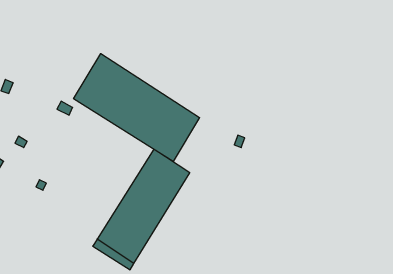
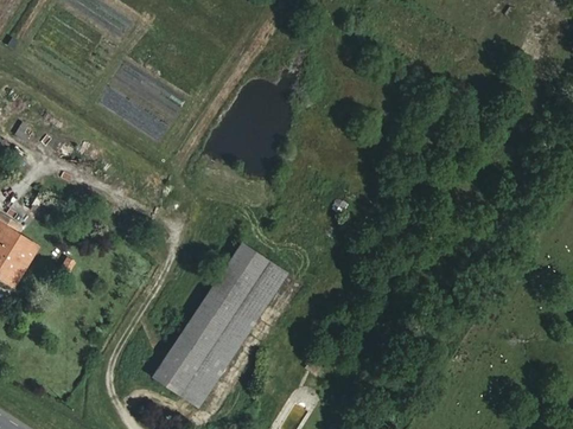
building: [74,54,200,161] -> none

